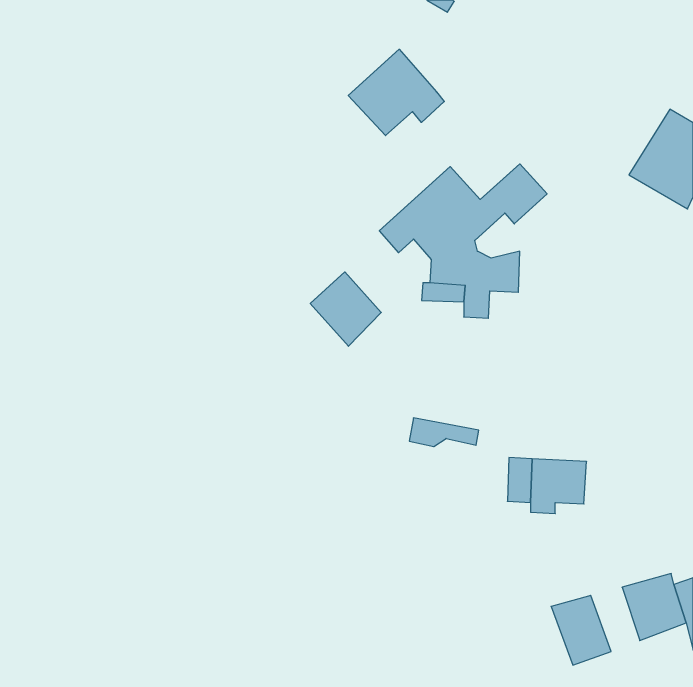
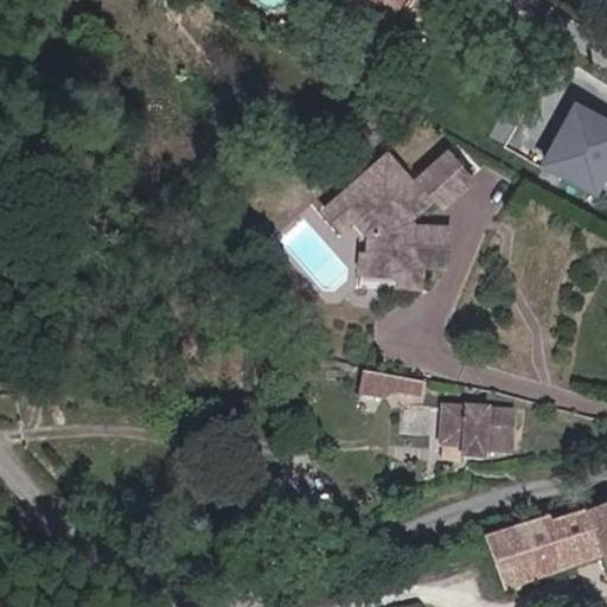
building: [348,49,444,136] -> none
building: [310,272,381,346] -> none
building: none -> [513,519,556,575]

